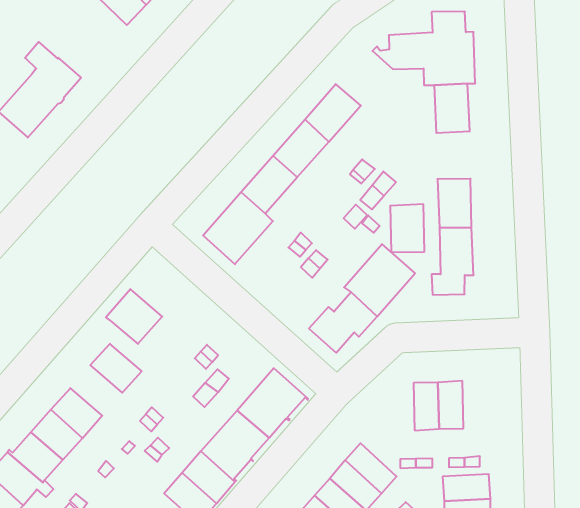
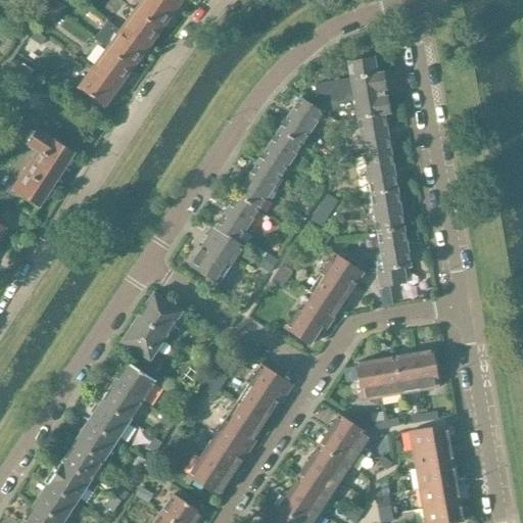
building: none -> [279,97,323,144]
building: [390,204,424,252] -> [365,152,397,194]
building: none -> [138,292,182,335]
building: none -> [101,382,143,421]
building: none -> [414,349,439,390]
building: none -> [354,360,381,400]

